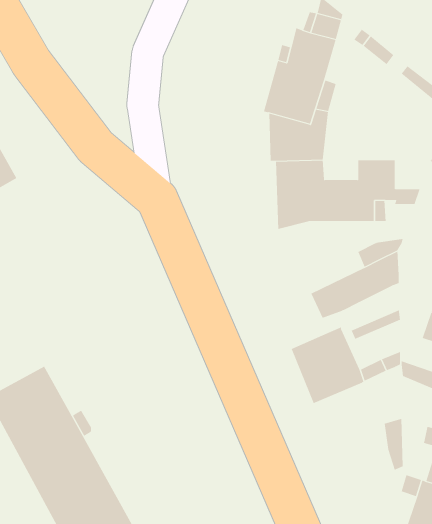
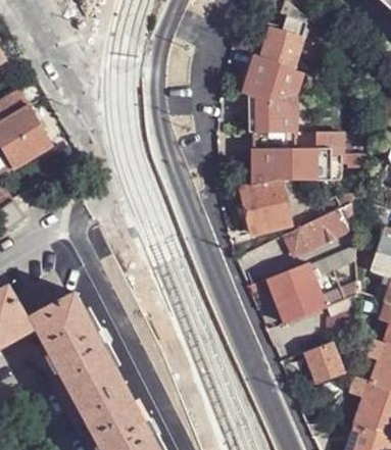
building: none -> [242,180,291,234]
building: none -> [305,343,343,383]

